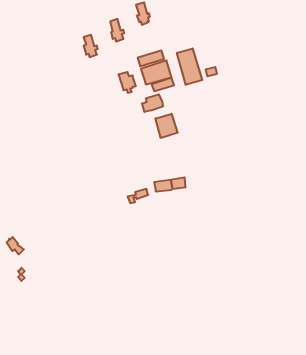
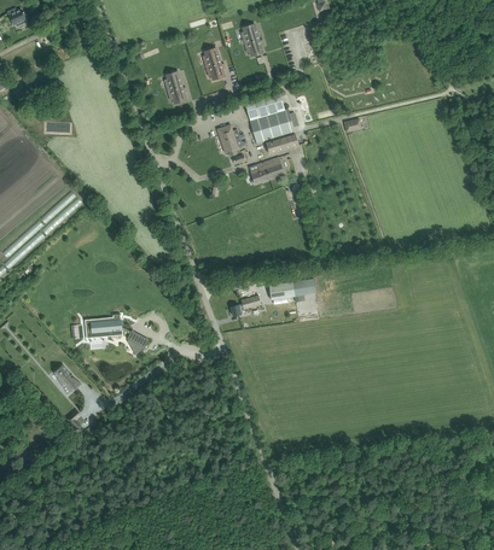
building: [177,48,202,85] -> none
building: [155,114,178,138] -> none
building: none -> [91,314,149,353]

